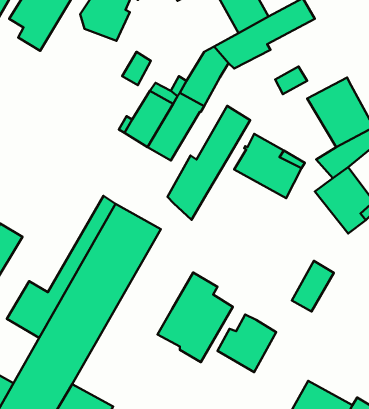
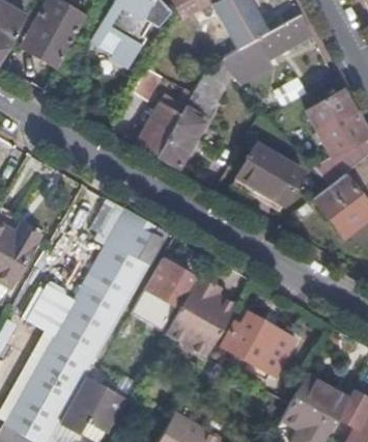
building: [168,106,250,220] -> none
building: none -> [145,259,194,337]
building: [292,261,334,312] -> [256,330,295,378]

